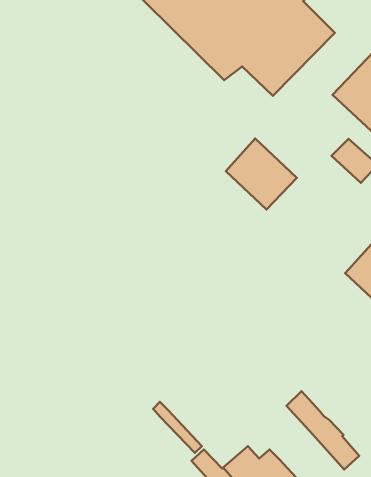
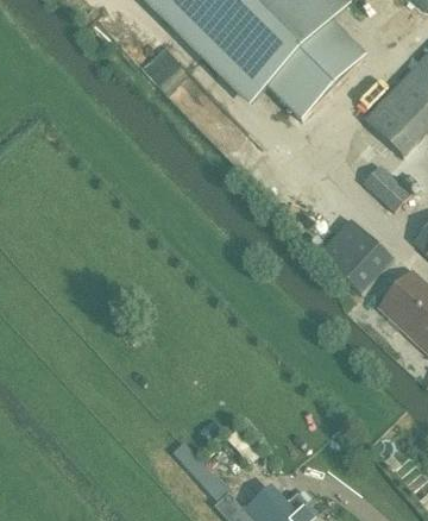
building: [226,138,297,210] -> [319,218,394,293]
building: [286,391,359,469] -> none

